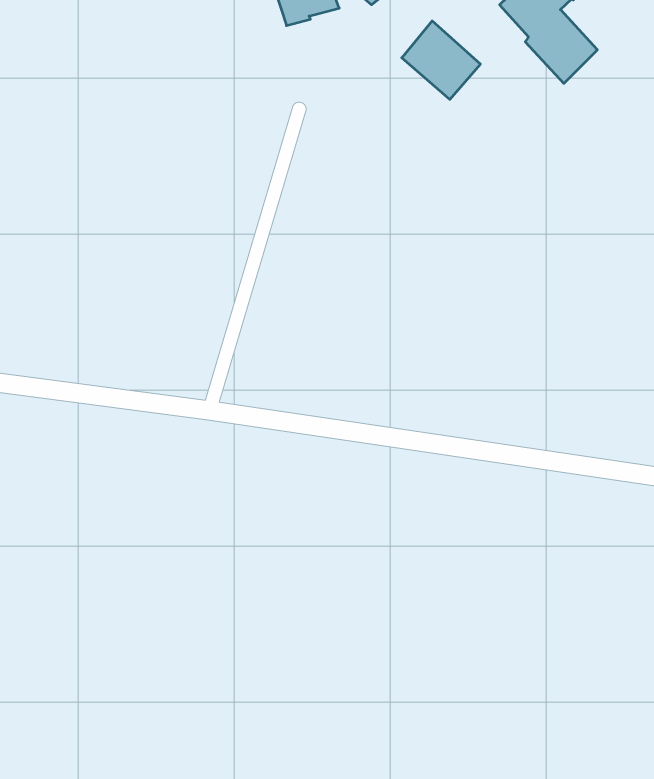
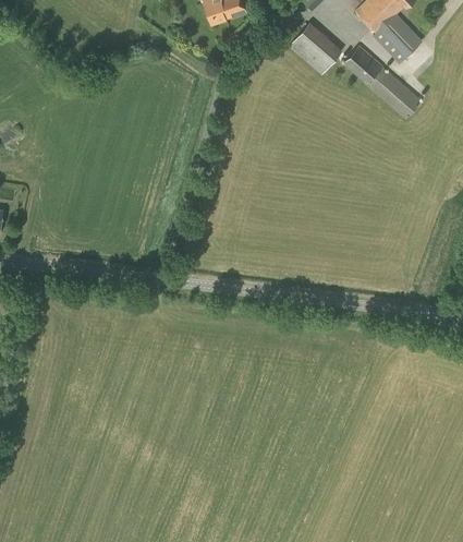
building: none -> [342,45,422,118]

